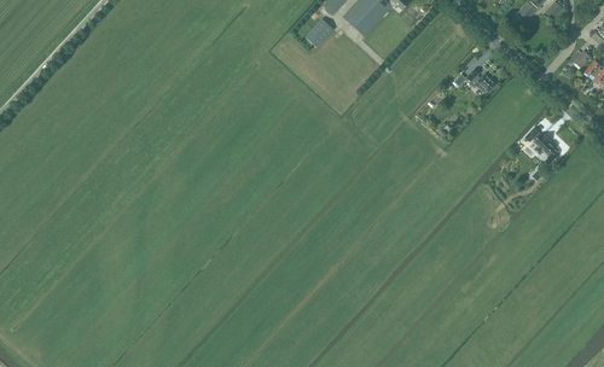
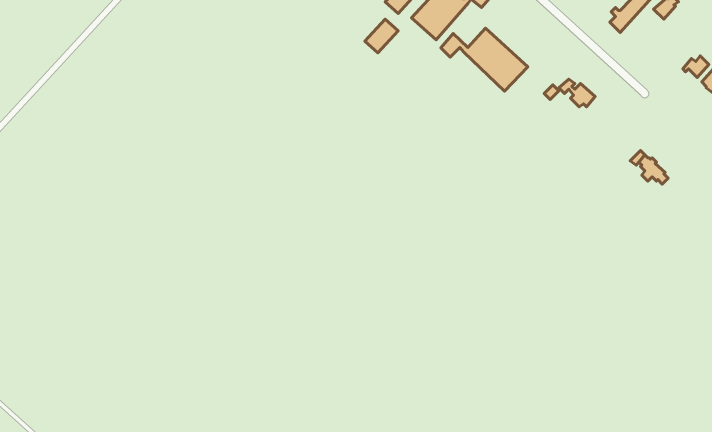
building: none -> [441,28,528,91]

